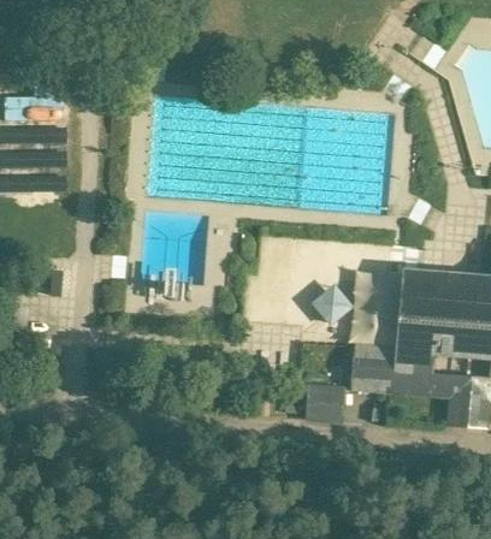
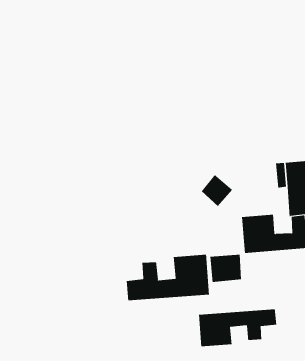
building: none -> [126,254,209,301]
building: none -> [199,309,277,347]

